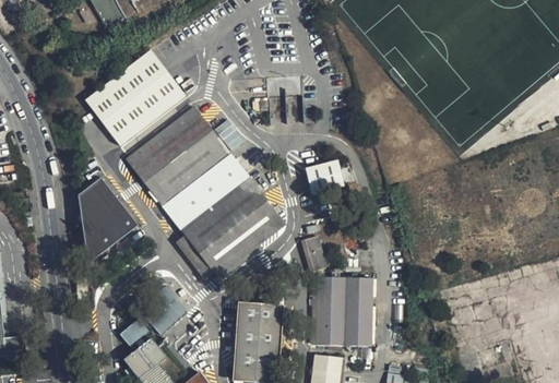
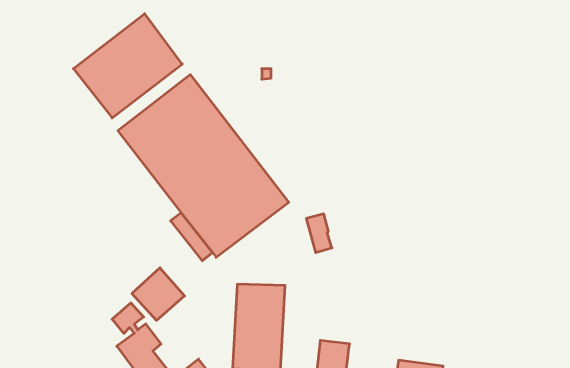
building: [307,166,343,189] -> none
building: [78,177,139,265] -> none
building: [316,268,373,346] -> none

